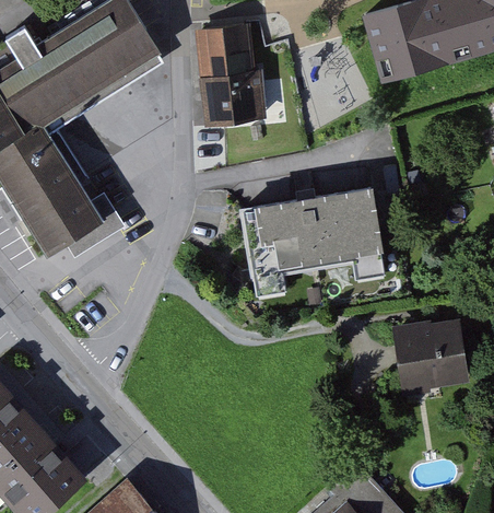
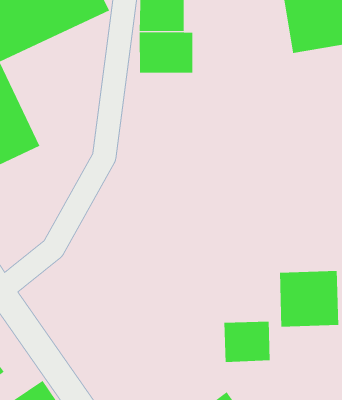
building: [236,189,384,299] -> none
building: none -> [223,321,271,363]

